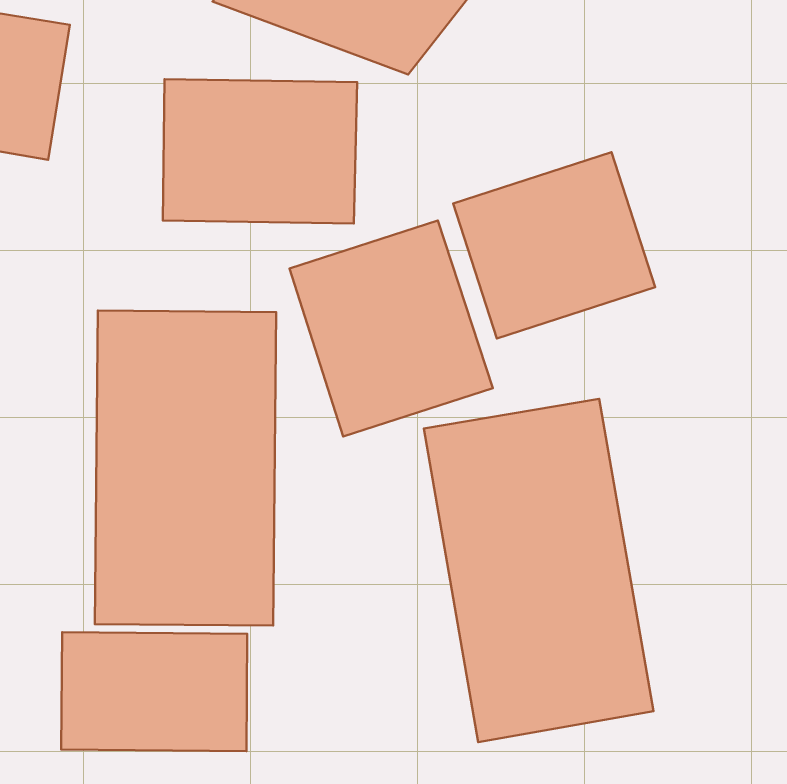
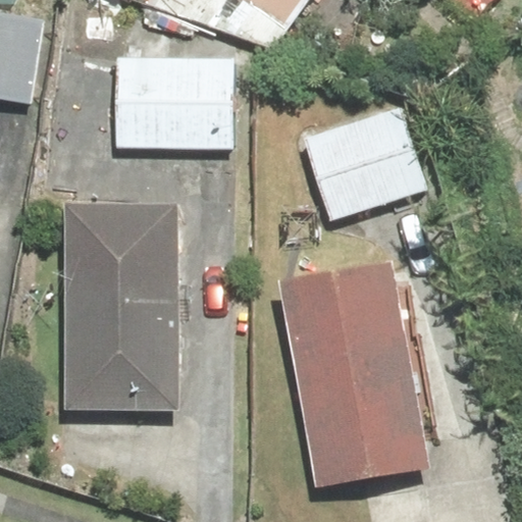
building: [290,221,493,436] -> none
building: [61,632,247,751] -> none

